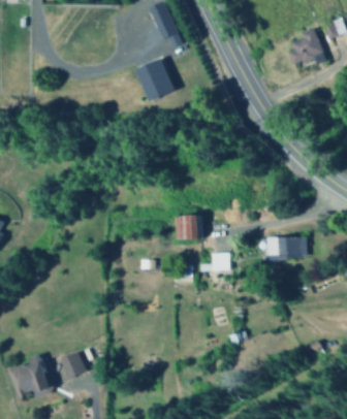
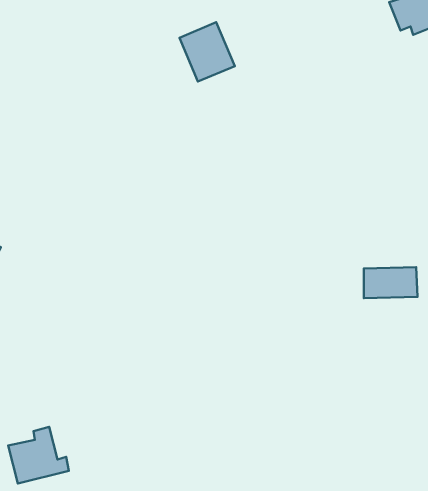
building: [174,216,202,240] -> none
building: [200,253,229,271] -> none
building: [60,350,85,377] -> none

